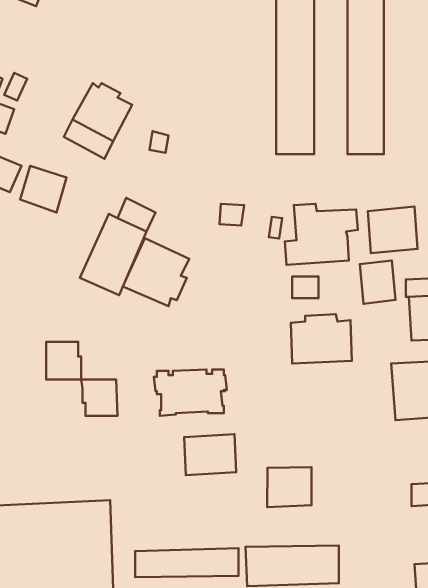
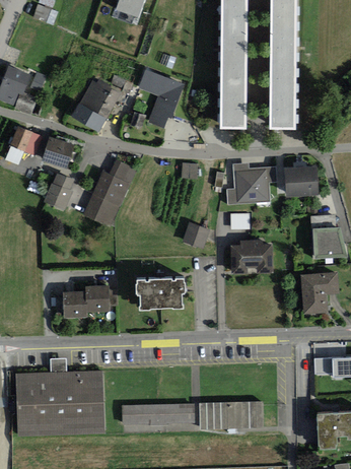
building: none -> [138,69,184,128]
building: none -> [44,173,74,209]
building: [123,238,189,306] -> none
building: [360,260,396,304] -> none
building: none -> [183,221,210,249]
building: [46,342,81,380] -> [63,291,87,318]
building: [184,434,236,475] -> none
building: [267,467,311,507] -> none

